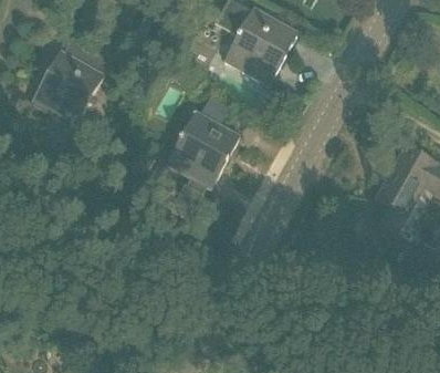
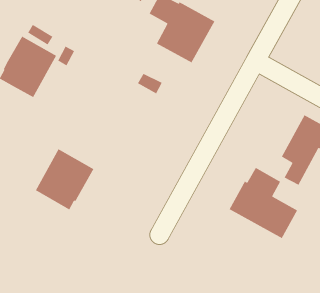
building: [166,110,239,187] -> [35,148,95,211]
building: none -> [228,167,298,239]

